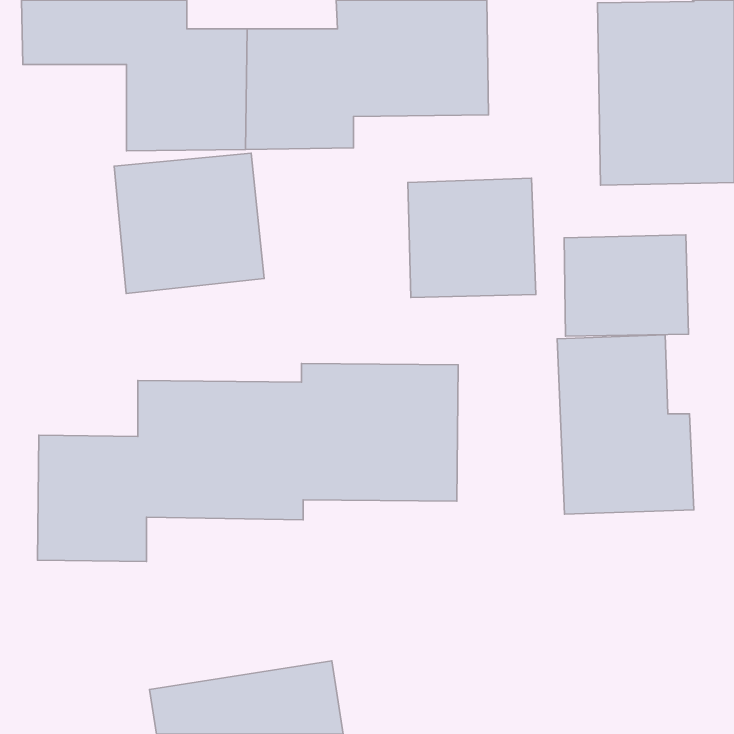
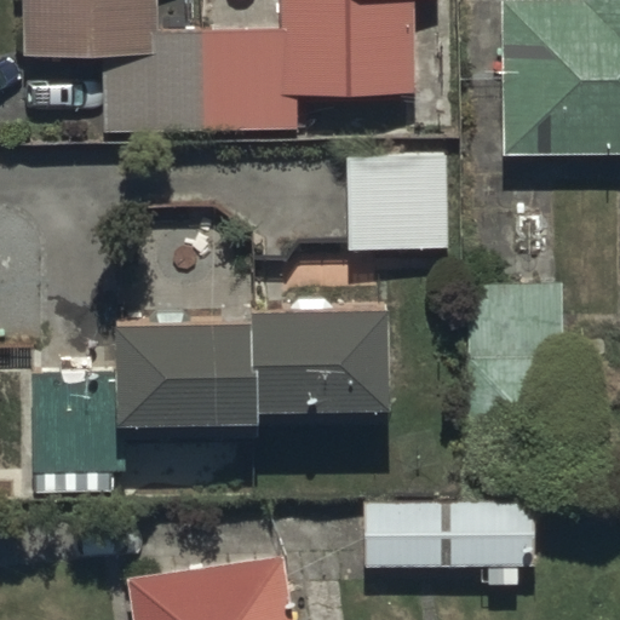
building: [114,153,264,293] -> none
building: [564,235,689,336] -> none
building: none -> [362,499,540,582]

